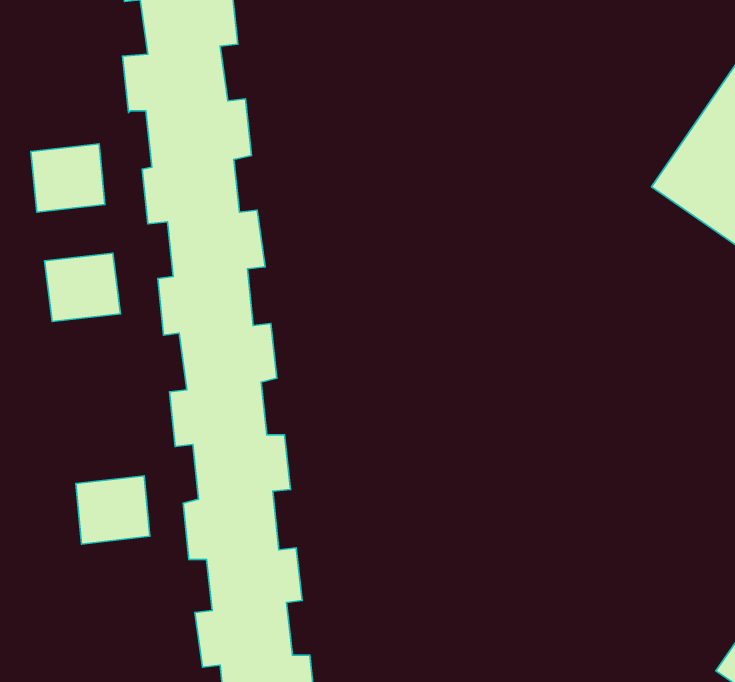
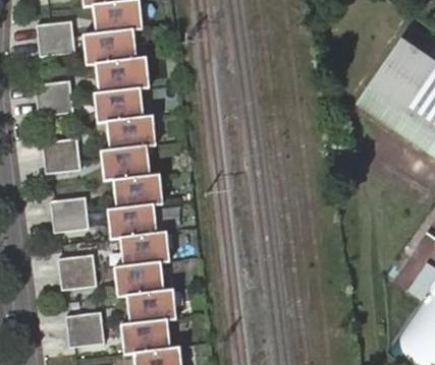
building: none -> [37,19,75,56]
building: none -> [50,195,89,232]
building: none -> [65,310,105,346]

